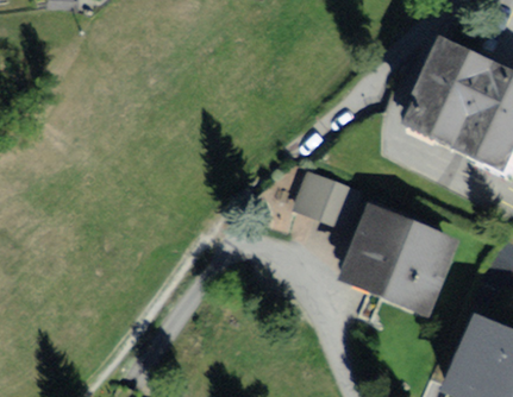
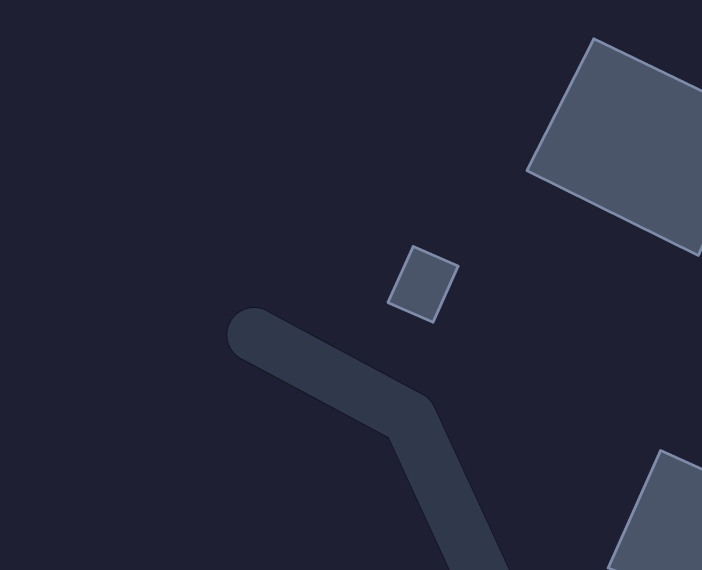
building: [338,204,459,316] -> none

